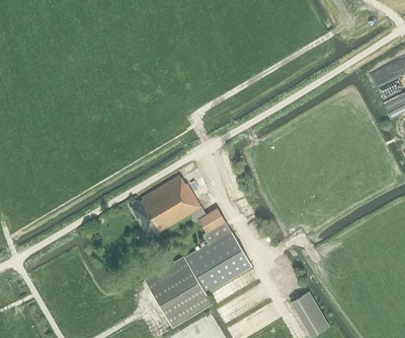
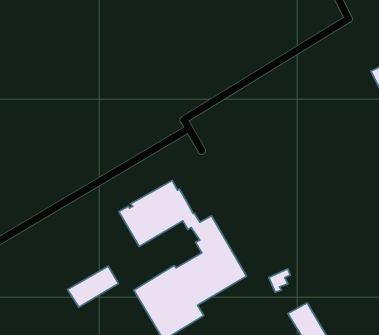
building: none -> [68,266,119,307]

